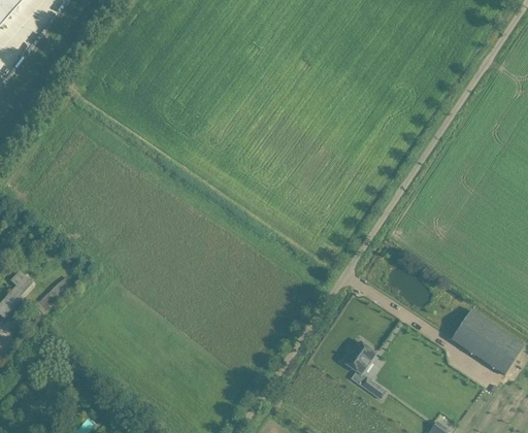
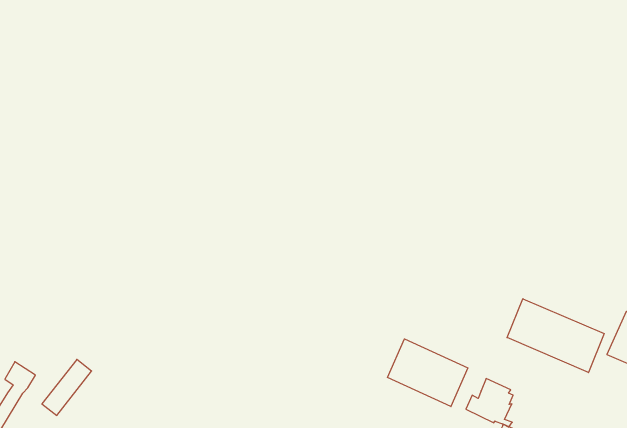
building: none -> [507,299,604,373]
building: none -> [387,339,468,407]

